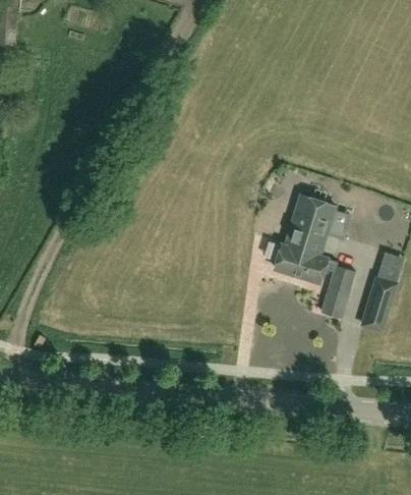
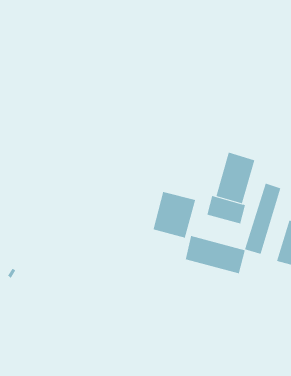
building: none -> [153,191,196,239]
building: none -> [185,235,246,274]

